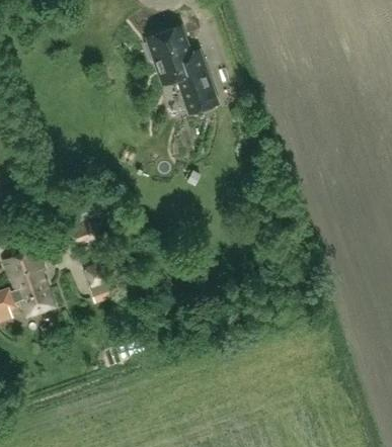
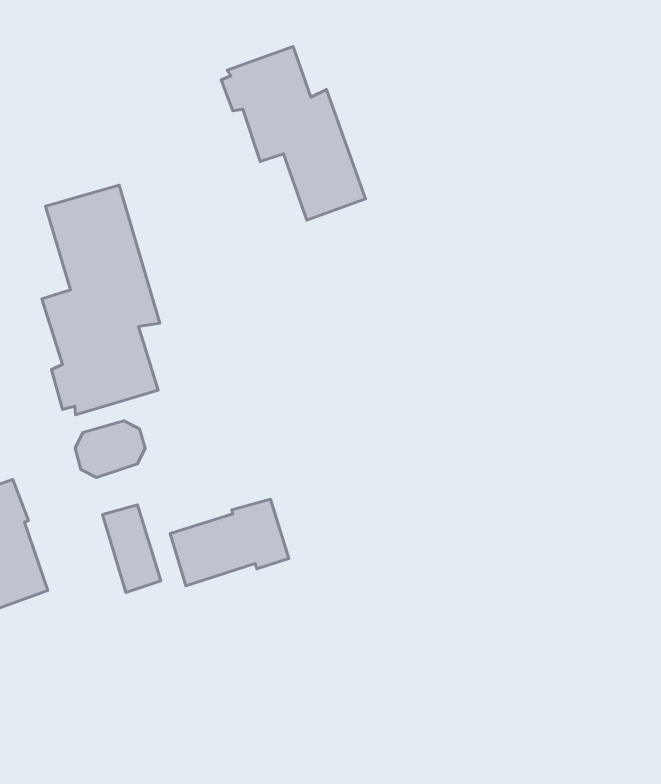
building: none -> [42,185,160,415]
building: none -> [170,499,289,586]

